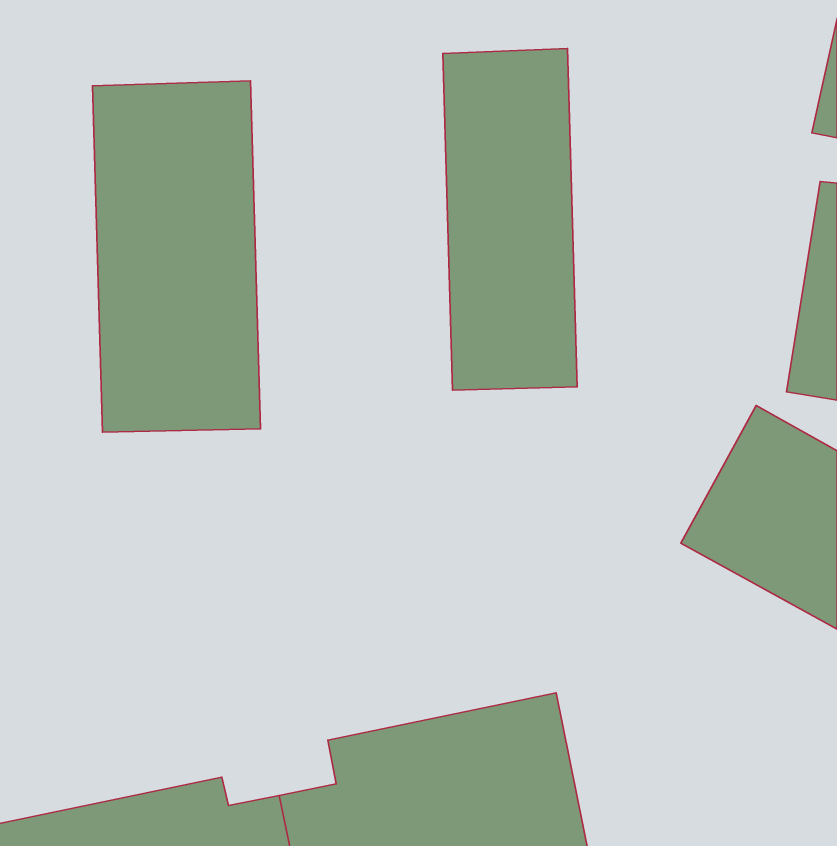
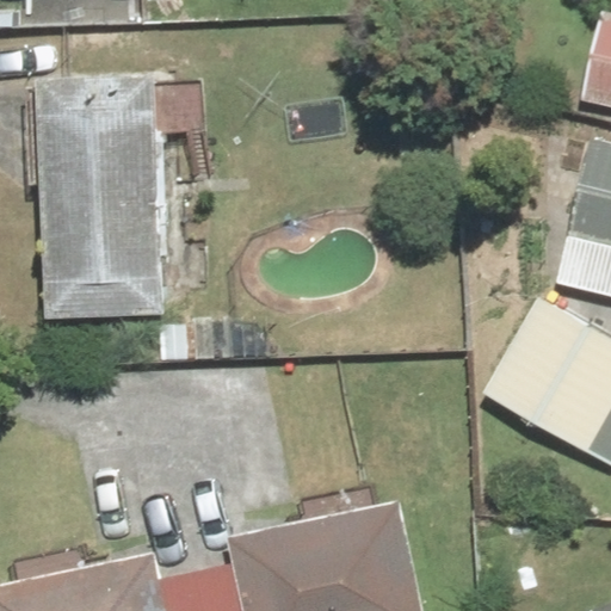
building: [443,49,577,390] -> none

